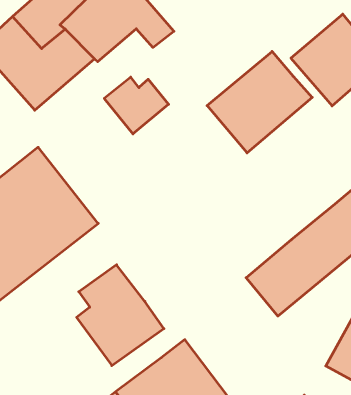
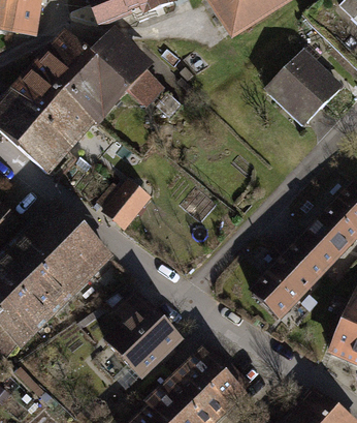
building: [207,51,312,153] -> none
building: [104,77,169,134] -> [92,179,149,229]

